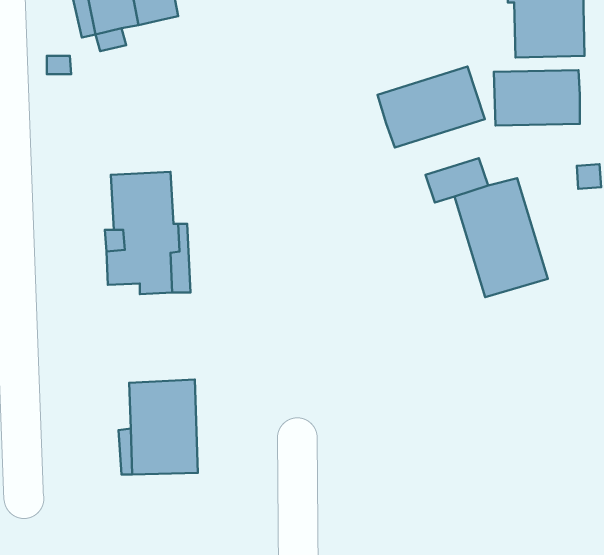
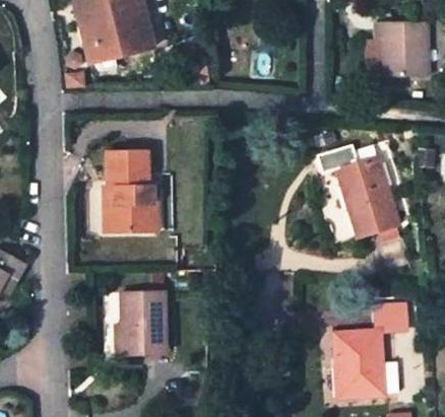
building: [378,67,485,148] -> none
building: [494,70,580,125] -> none
building: none -> [334,303,406,399]

